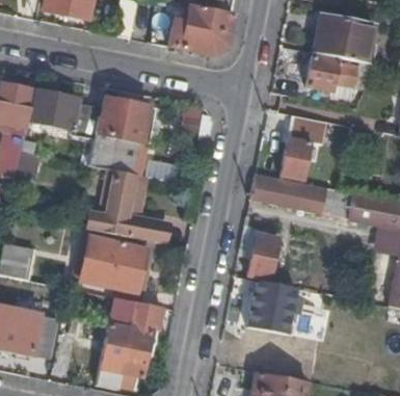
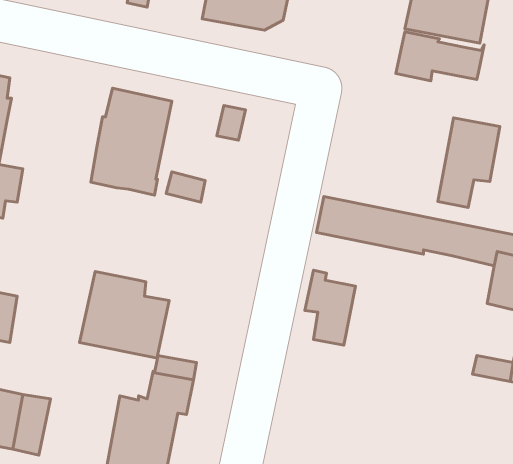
building: [28,89,99,138] -> none
building: [282,115,326,180] -> [438,118,500,207]
building: [91,168,163,242] -> none
building: [248,281,296,333] -> none

